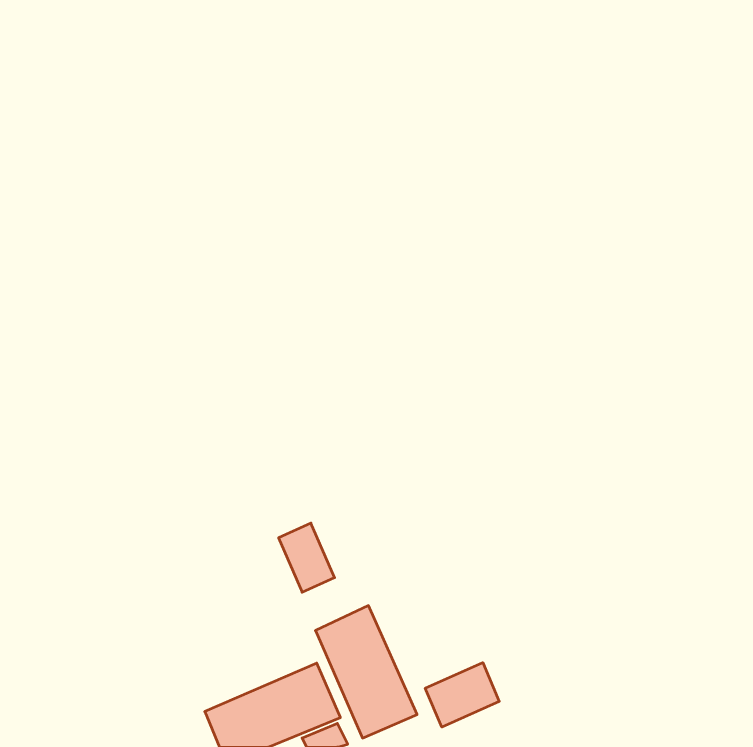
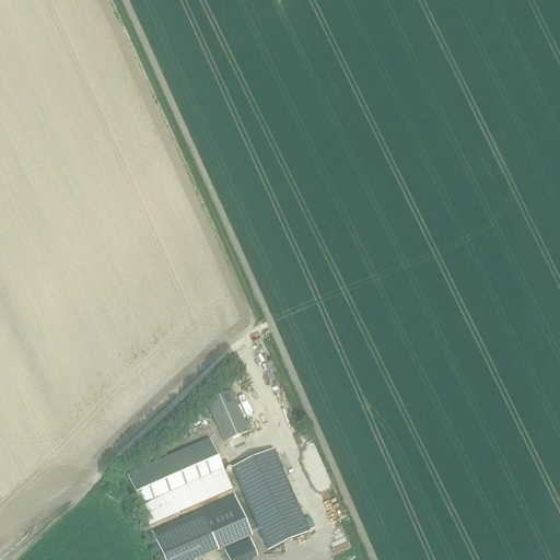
building: none -> [127,436,232,523]
building: [425,663,499,727] -> none

